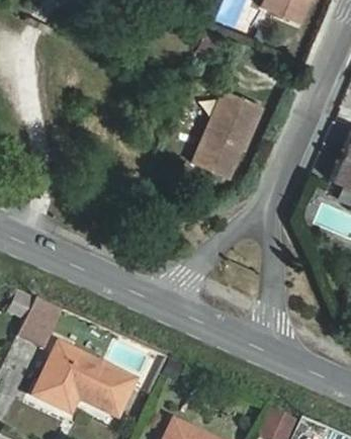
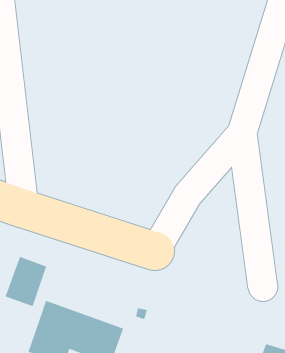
building: [193,90,259,178] -> none

